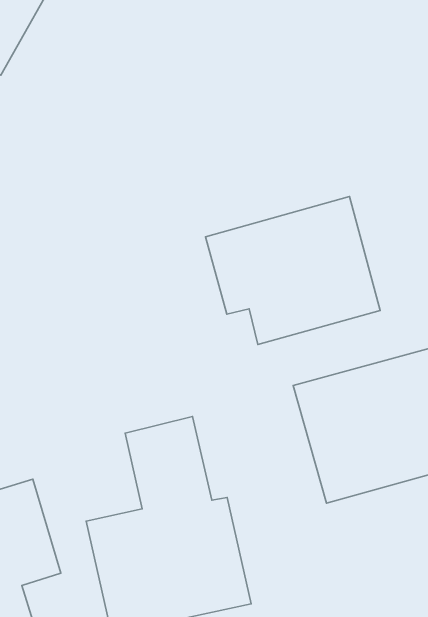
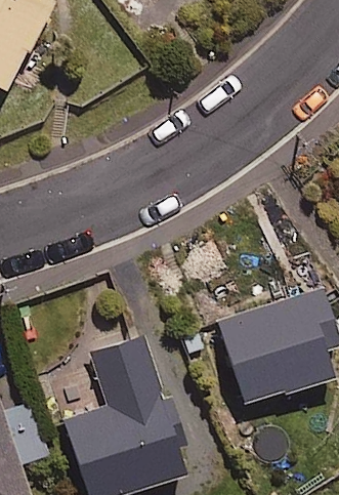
building: [206,196,380,345] -> none

